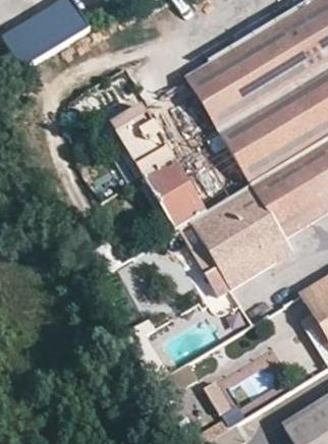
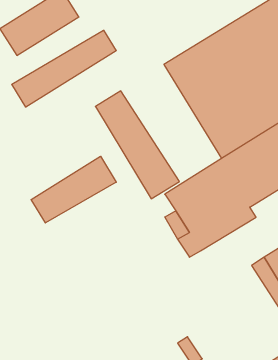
building: none -> [12,30,116,107]
building: none -> [31,156,116,223]

